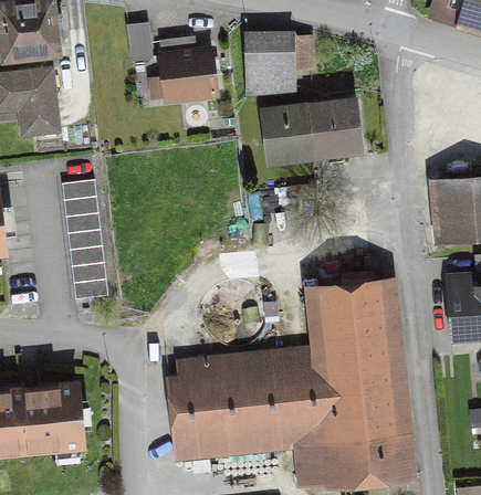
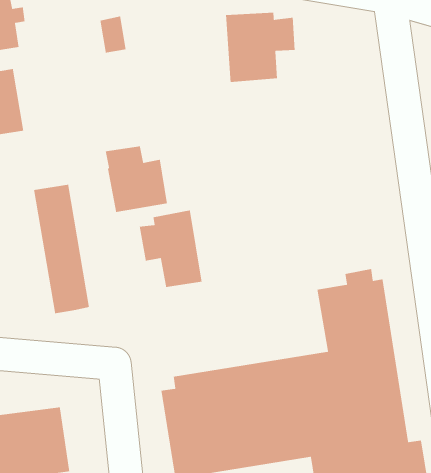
building: [159,38,215,98] -> [105,145,168,213]
building: [264,102,359,160] -> none
building: none -> [139,209,203,288]

